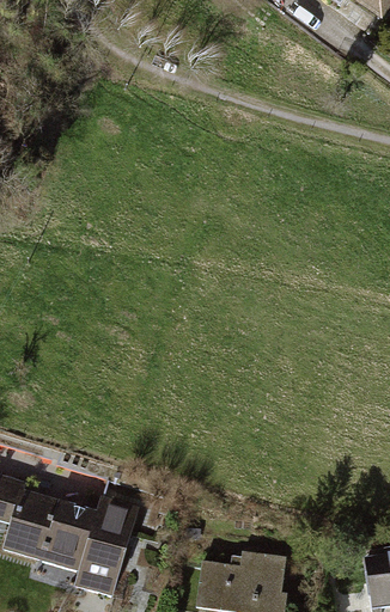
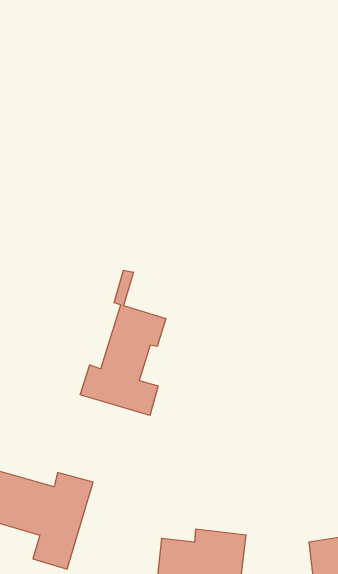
building: none -> [80,270,166,415]

